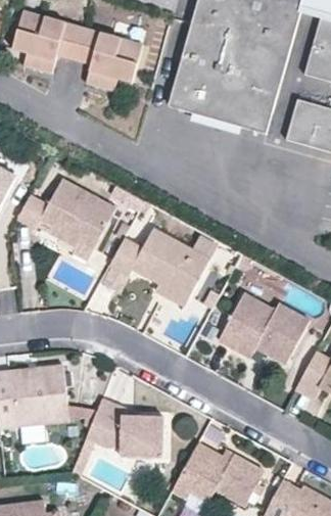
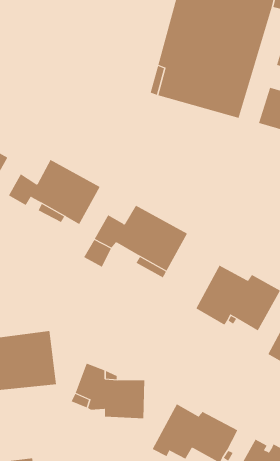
building: [12,11,143,89] -> none

